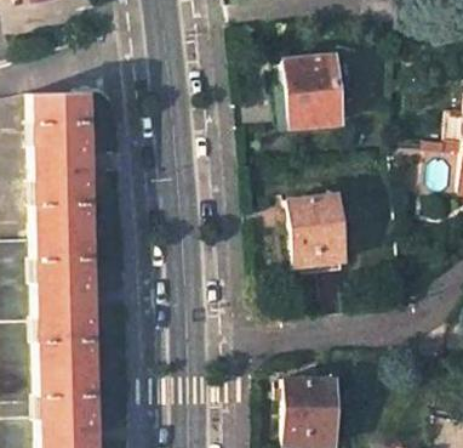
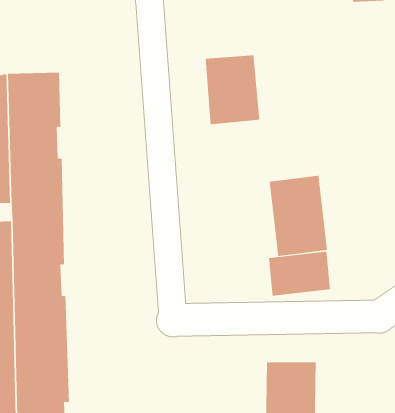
building: [290,57,344,126] -> [205,55,260,125]
building: none -> [269,251,330,296]

